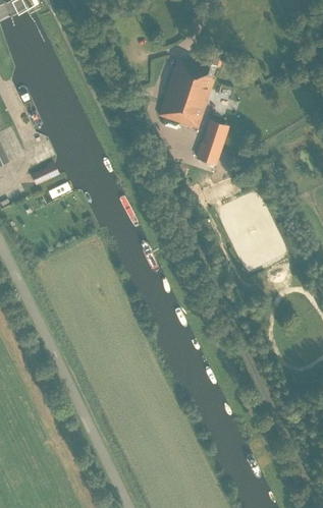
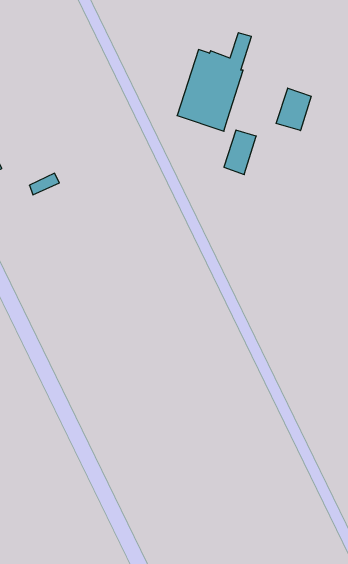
building: none -> [276,88,311,131]

